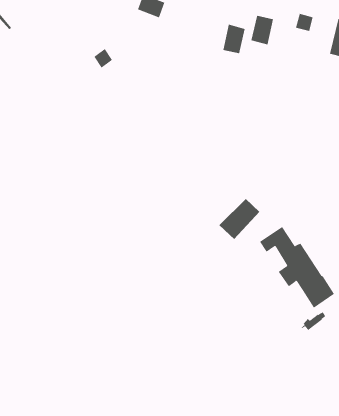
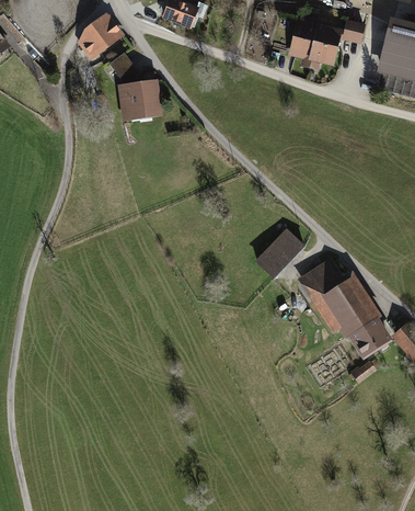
building: none -> [79,15,119,55]
building: [222,24,246,54] -> [312,27,338,61]
building: none -> [122,83,158,115]

